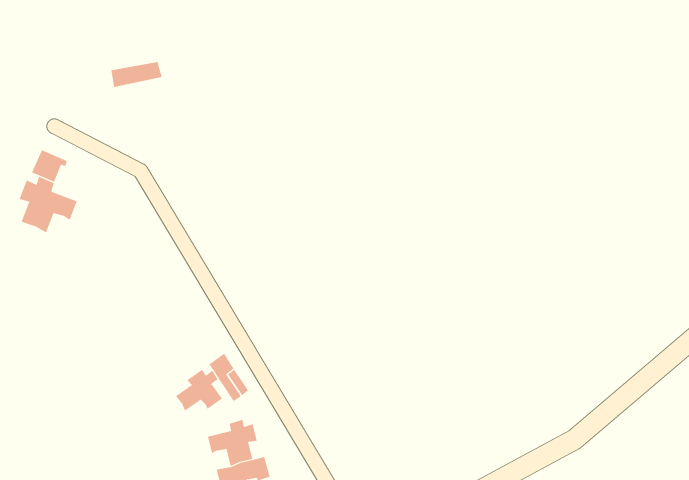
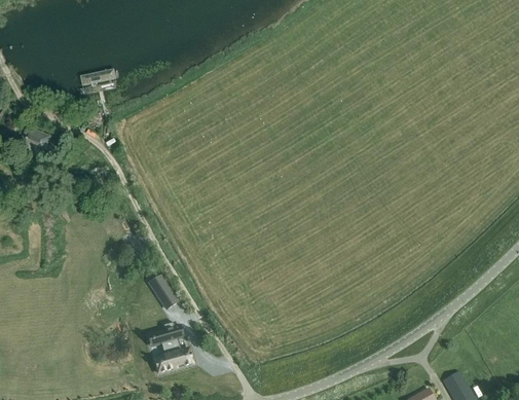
building: [19,176,77,234] -> none
building: [175,369,223,411] -> none

